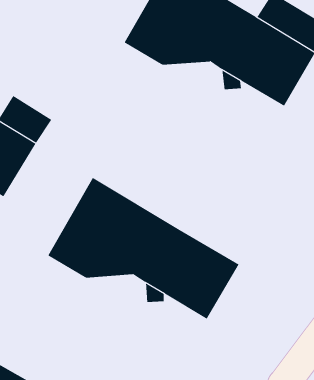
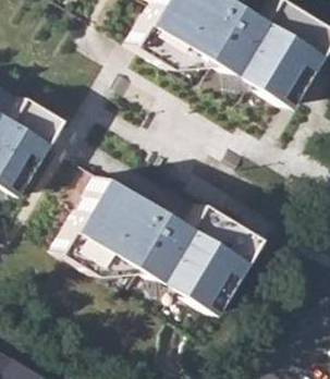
building: none -> [191,201,262,259]

